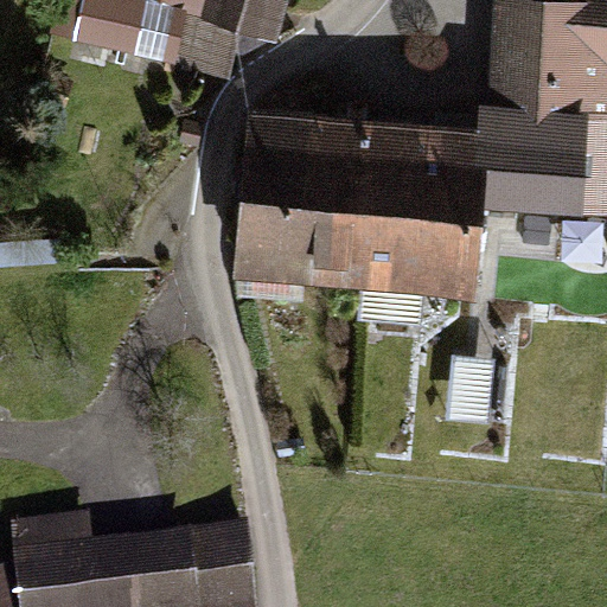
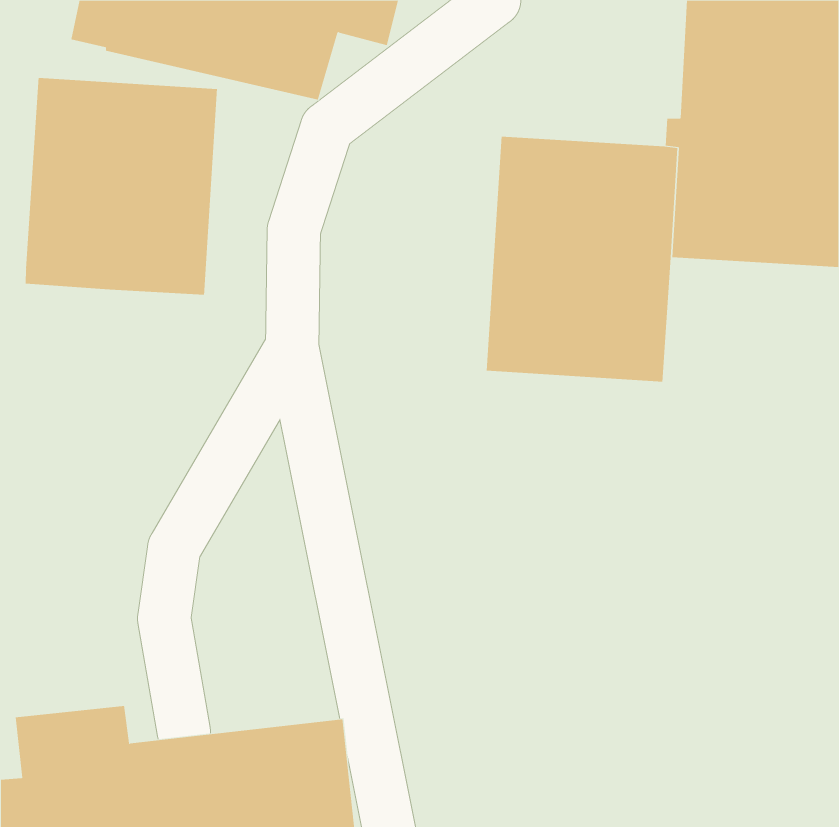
building: none -> [25,77,217,296]
building: [236,100,362,276] -> none

